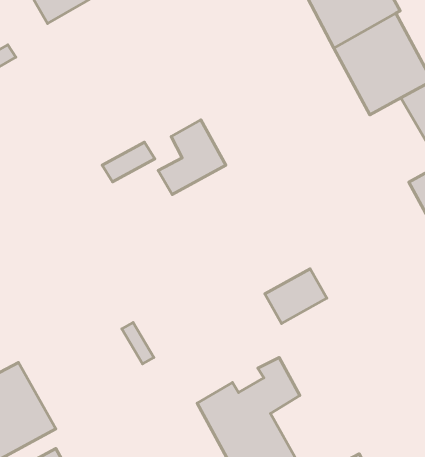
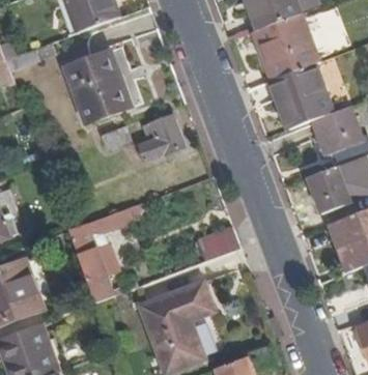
building: none -> [64,51,131,124]
building: none -> [68,210,130,302]

